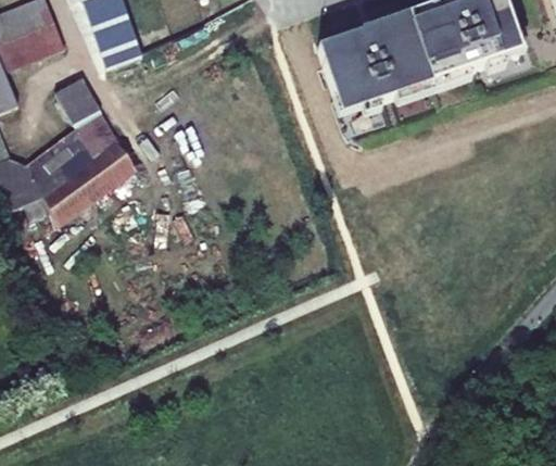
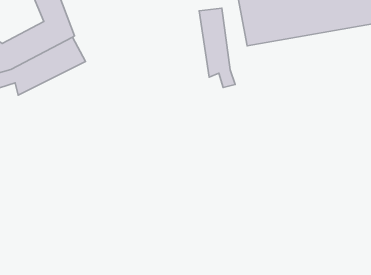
building: none -> [199,8,235,87]

